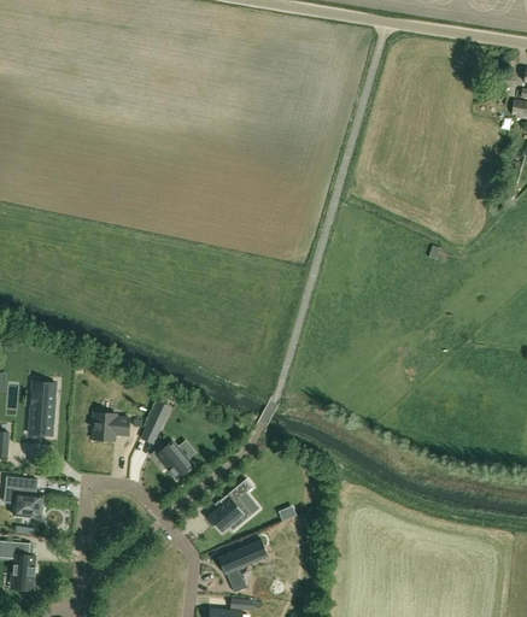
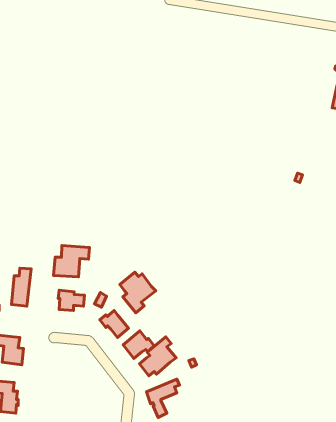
building: none -> [54,245,90,277]
building: none -> [120,272,156,313]
building: none -> [123,331,154,358]

